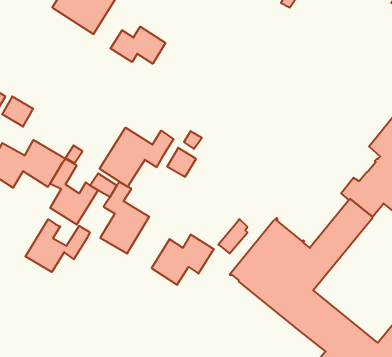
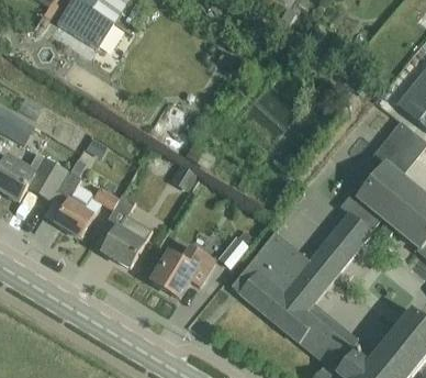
building: [110,27,165,64] -> none
building: [100,128,173,187] -> none
building: [25,219,90,272] -> none

